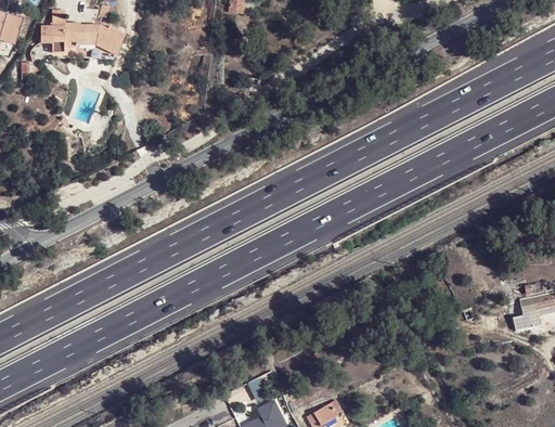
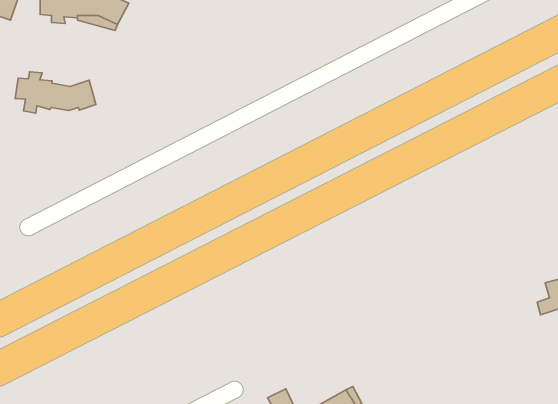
building: none -> [15,72,96,113]

